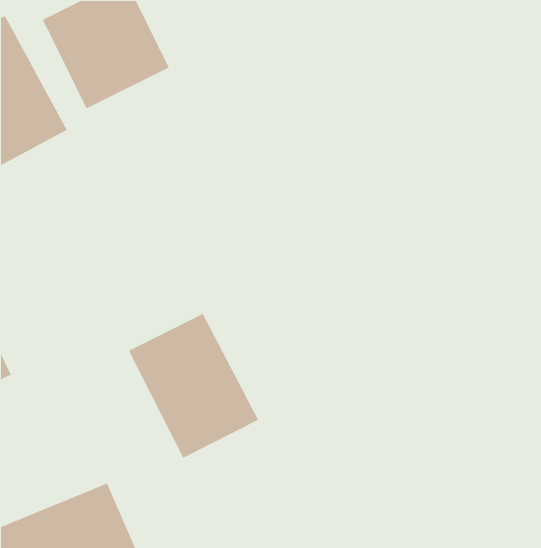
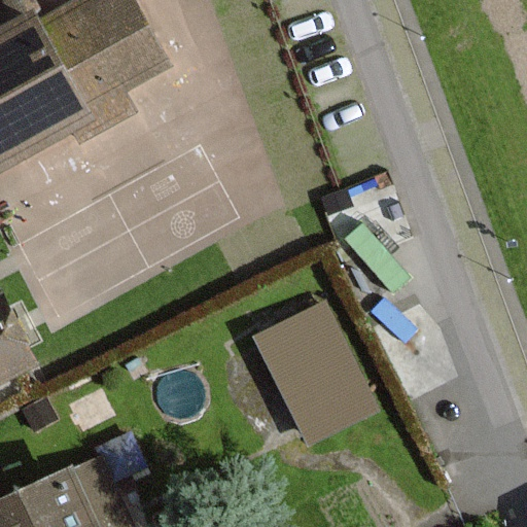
building: [128,313,259,459] -> [248,297,374,437]

